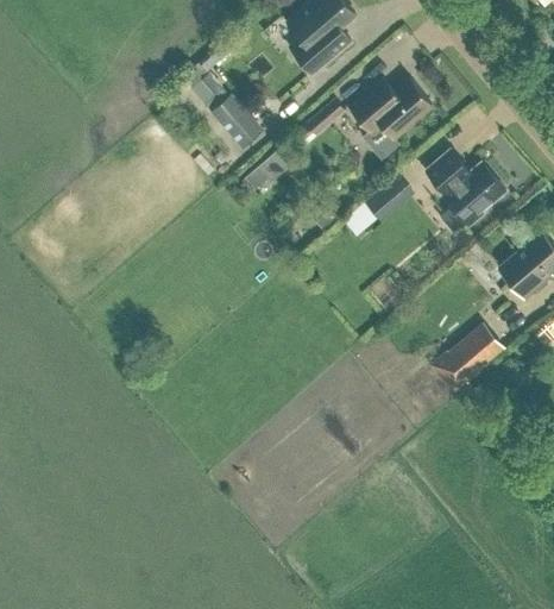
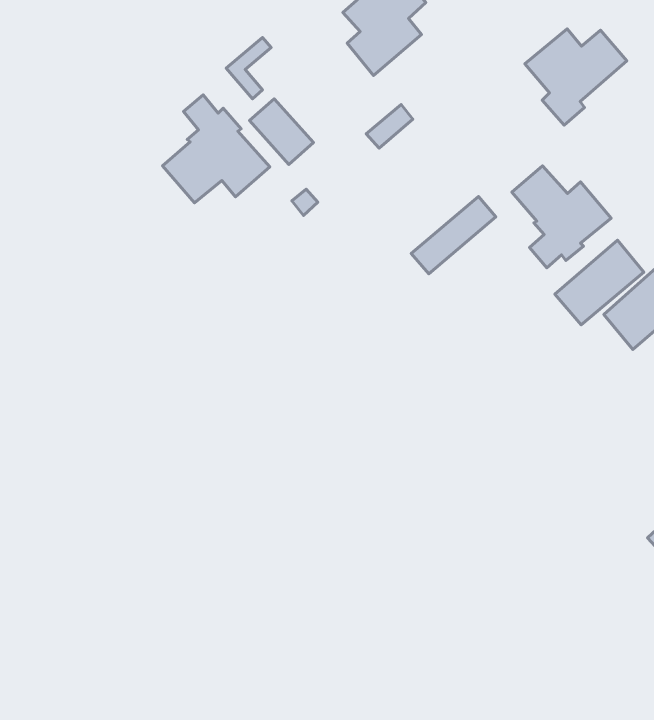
building: [350,79,433,157] -> [525,29,627,125]
building: none -> [163,95,270,203]
building: [433,322,505,391] -> [555,240,644,325]

